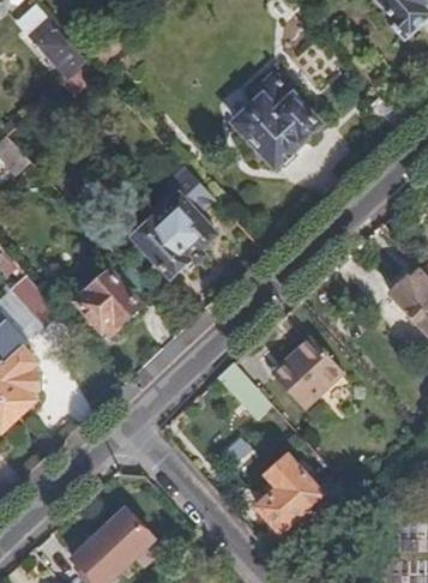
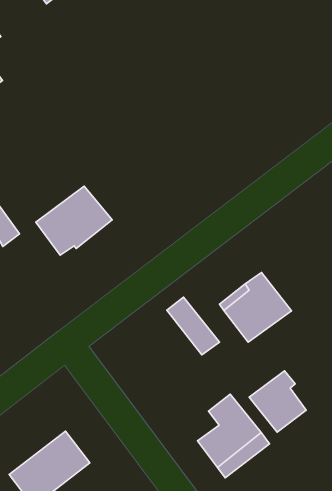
building: [240,79,318,164] -> none
building: [131,166,215,277] -> none
building: none -> [249,371,306,432]

